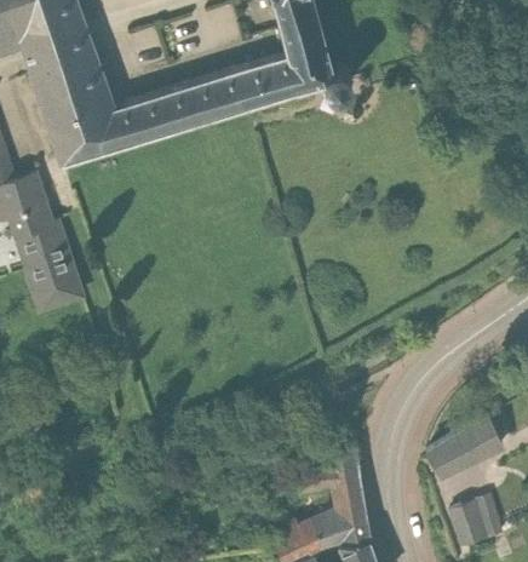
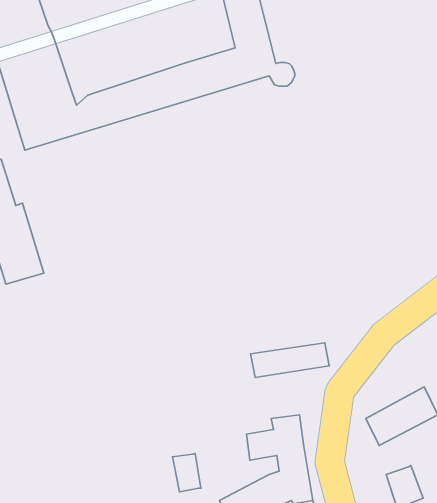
building: none -> [250,343,329,377]
building: none -> [173,454,201,492]

